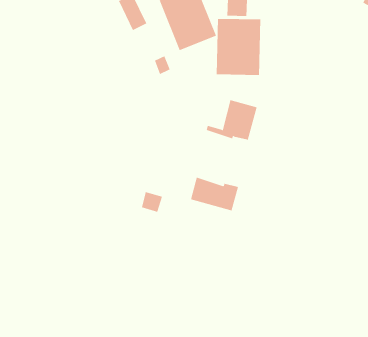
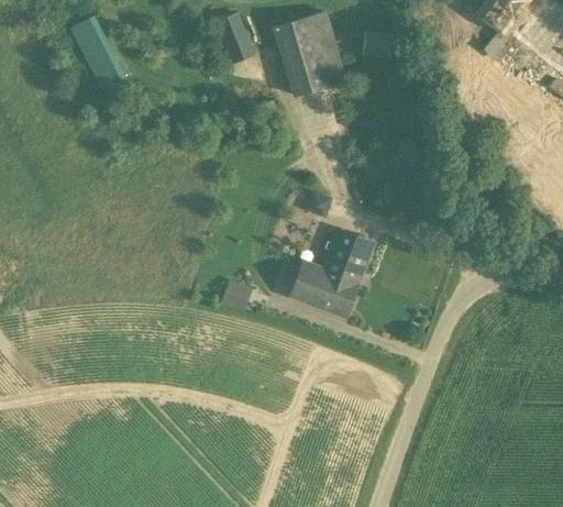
building: none -> [71,13,126,89]
building: [216,18,261,76] -> none
building: [206,99,258,140] -> [298,228,371,285]

